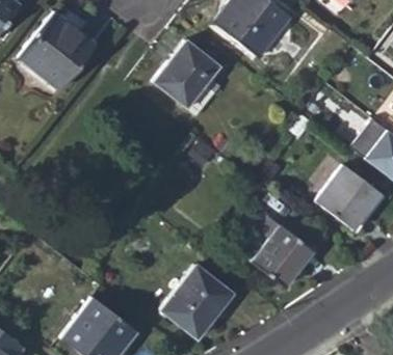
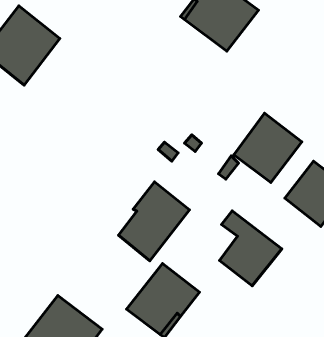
building: [154,38,221,114] -> none
building: none -> [234,113,302,182]
building: none -> [118,182,189,261]

